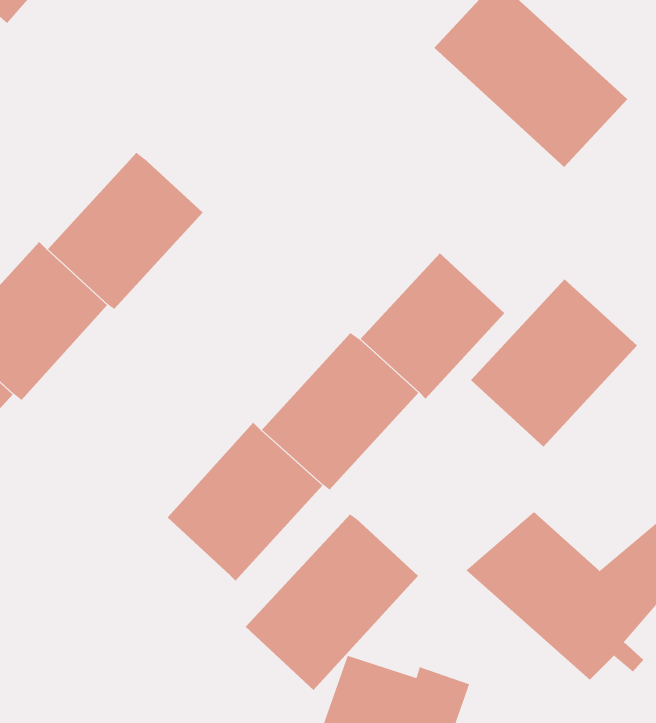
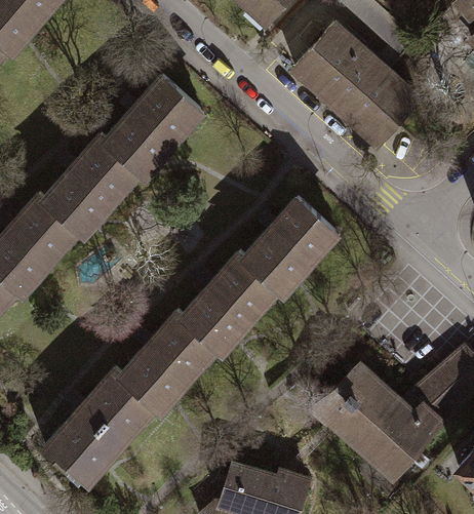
building: none -> [105,77,205,180]
building: [470,278,638,447] -> none
building: [245,513,419,691] -> [47,368,159,482]

